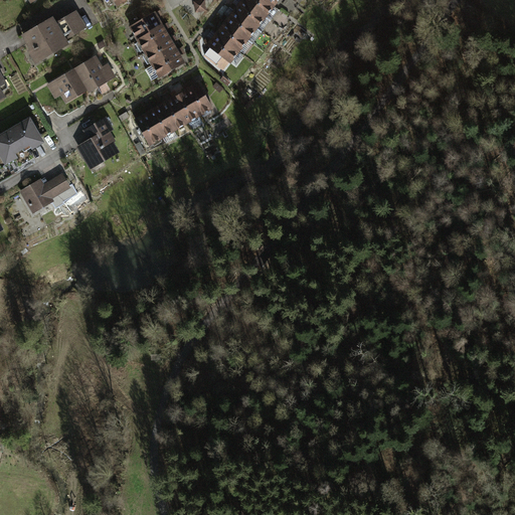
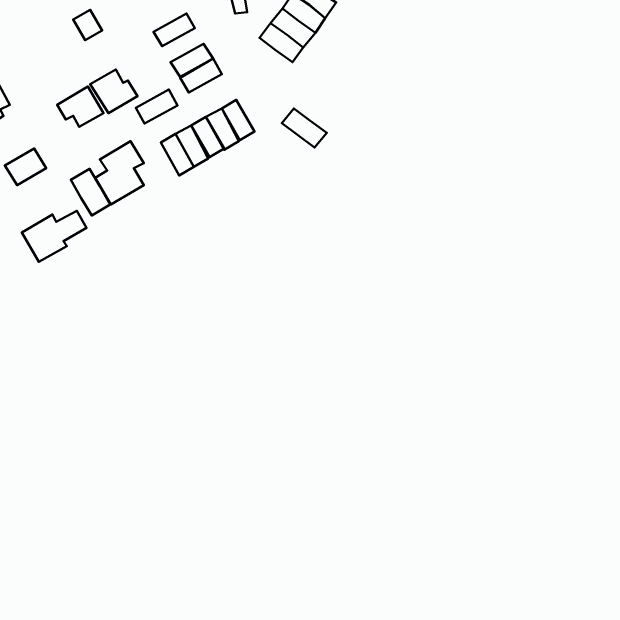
building: [18,14,67,60] -> none
building: [134,23,168,51] -> [136,90,177,124]
building: [204,31,241,63] -> [282,108,327,147]
building: none -> [71,169,110,216]

